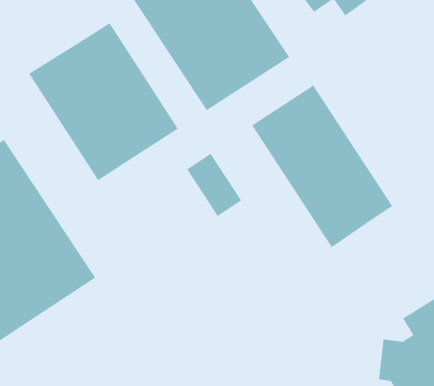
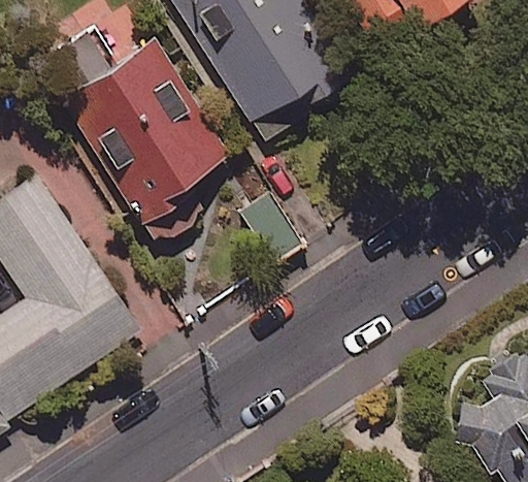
building: [251,84,393,248] -> none

